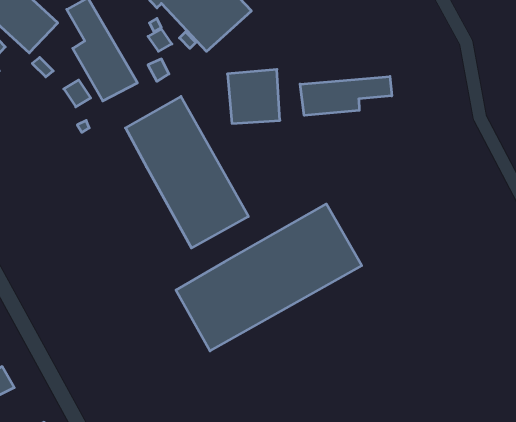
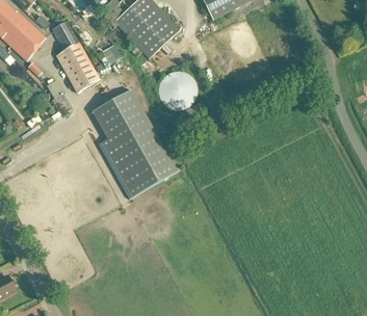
building: [300,76,392,115] -> none
building: [176,204,362,351] -> none

